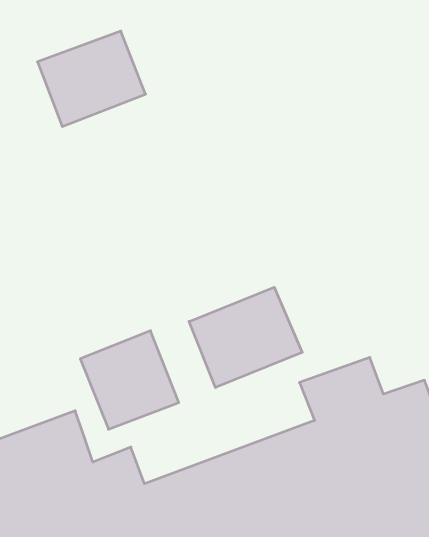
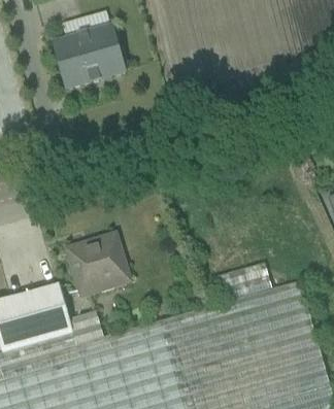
building: [189,287,302,388] -> none

